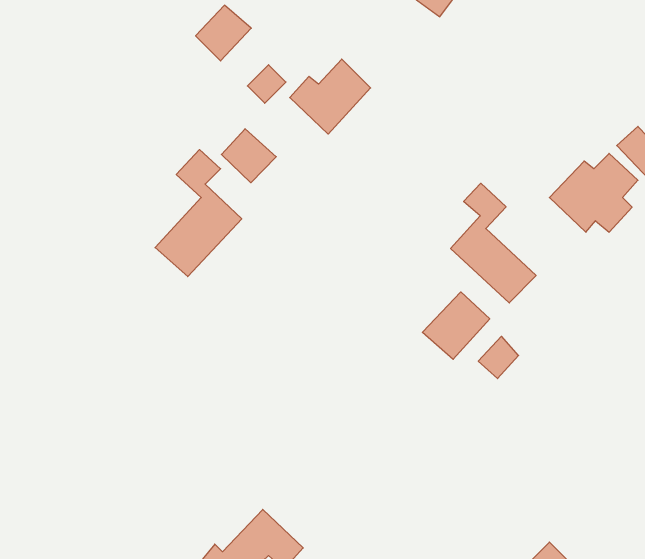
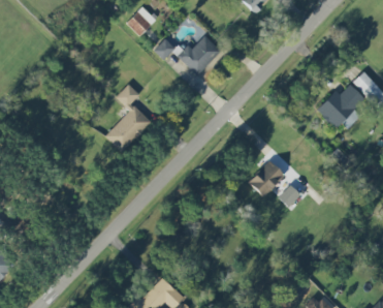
building: [221,129,276,183] -> none
building: [451,183,536,303] -> none

